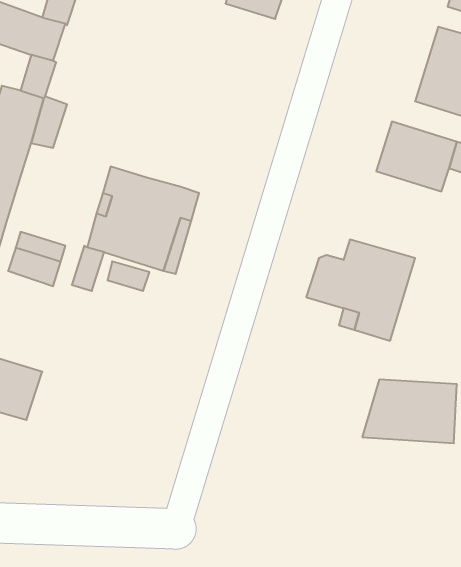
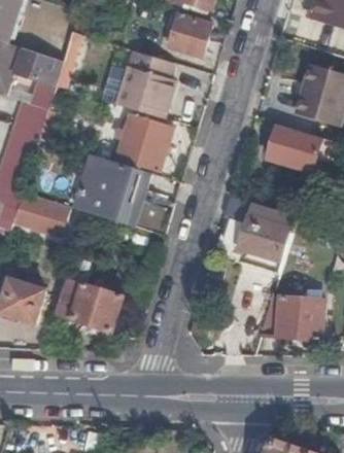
building: none -> [116,49,172,117]
building: none -> [114,113,171,171]
building: none -> [55,256,124,332]

